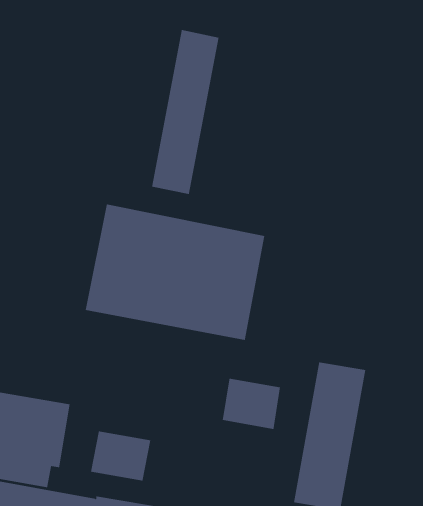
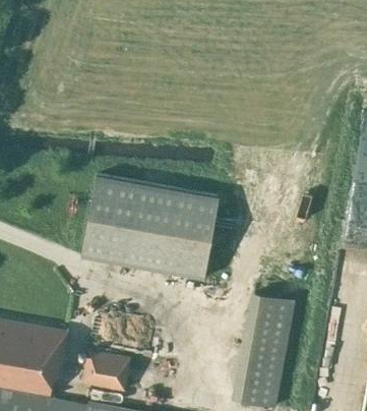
building: [152,29,219,195] -> none
building: [222,378,281,430] -> none

